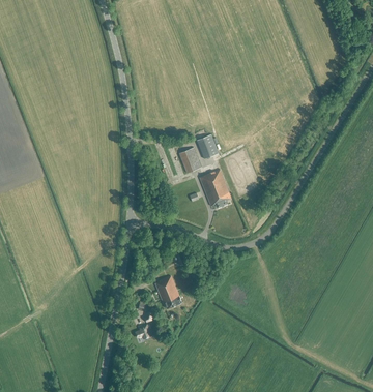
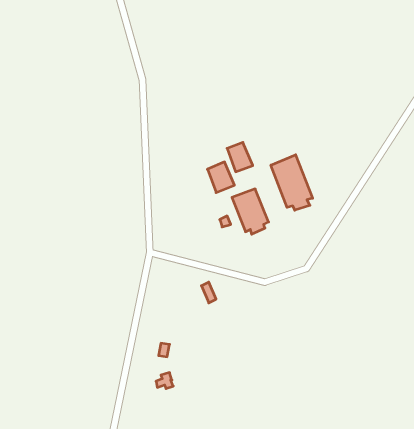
building: none -> [271,155,313,210]
building: [155,276,181,308] -> none

